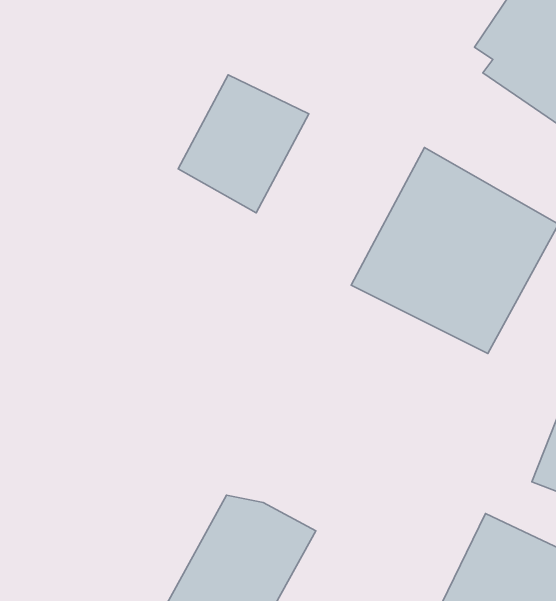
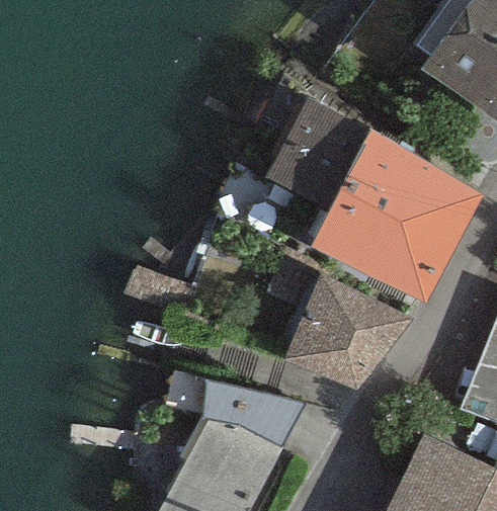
building: [178,75,309,213] -> [264,99,372,214]
building: none -> [284,273,416,391]
building: none -> [203,378,308,449]

